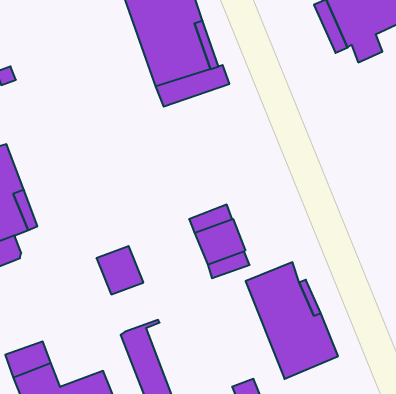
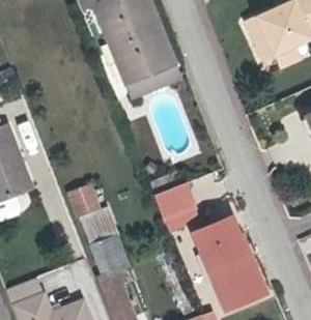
building: none -> [90,232,126,270]

